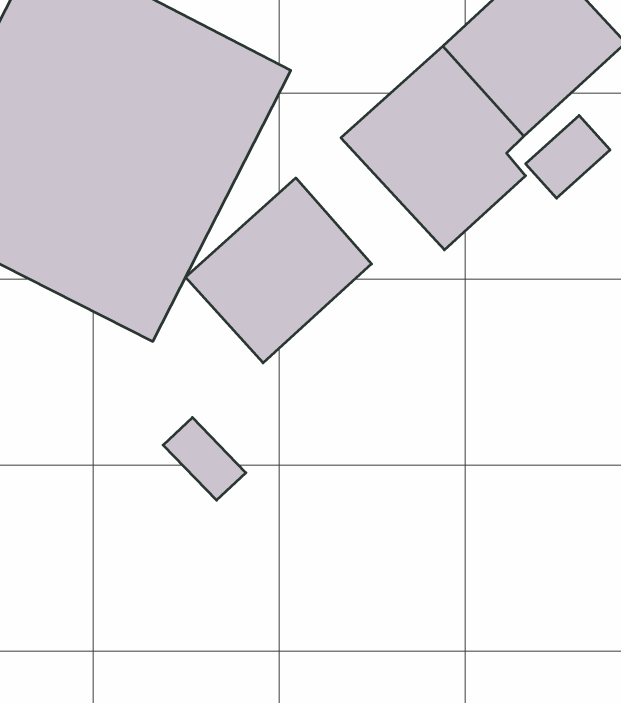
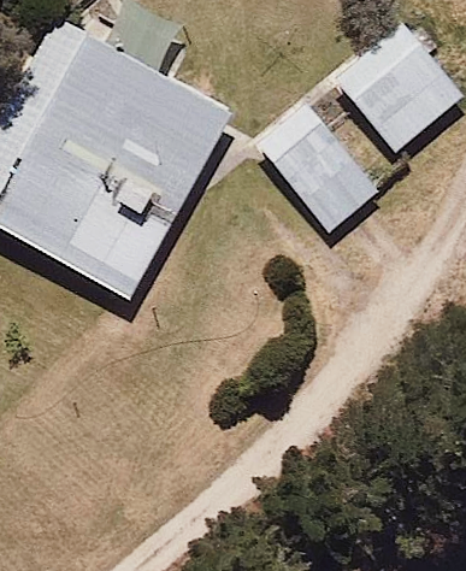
building: [186,178,372,363] -> none

